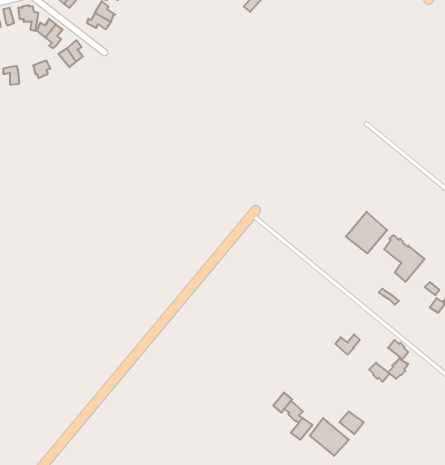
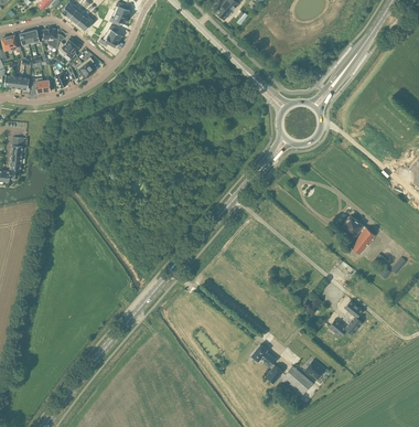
building: [346,212,387,253] -> none

